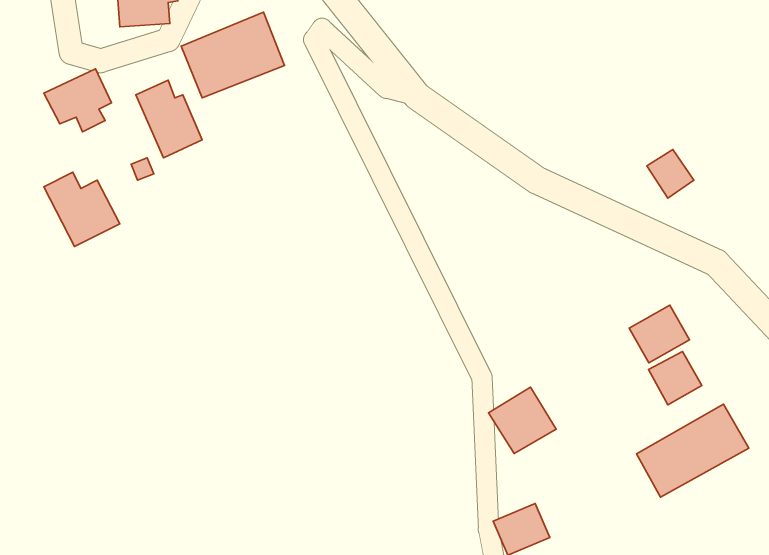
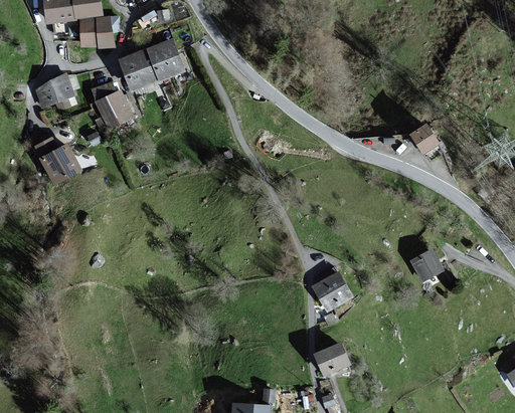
building: [629,305,689,363] -> none
building: [636,404,749,497] -> none

